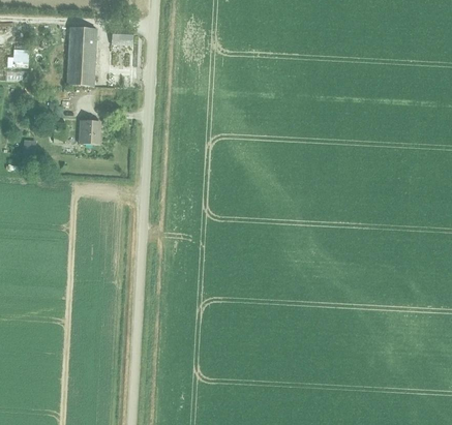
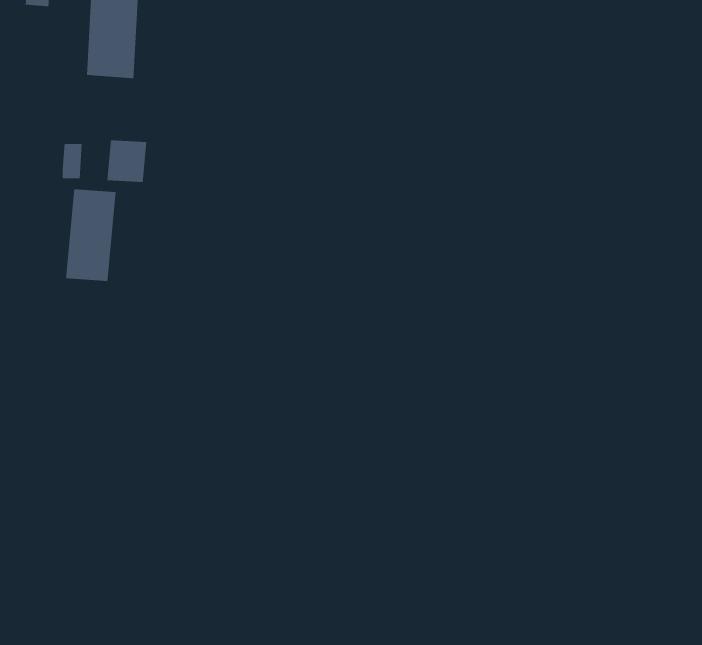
building: none -> [66,189,116,282]

